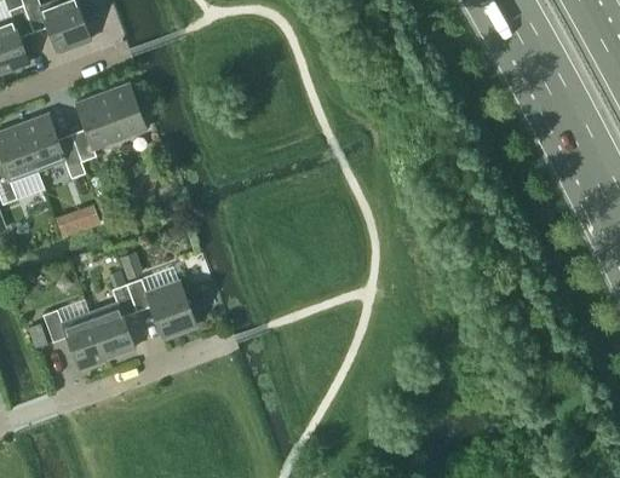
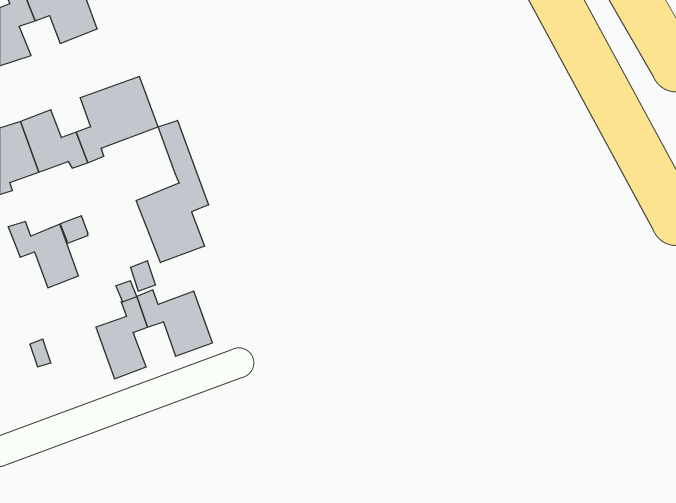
building: none -> [136,120,209,263]
building: [41,310,105,370] -> [8,222,78,288]

